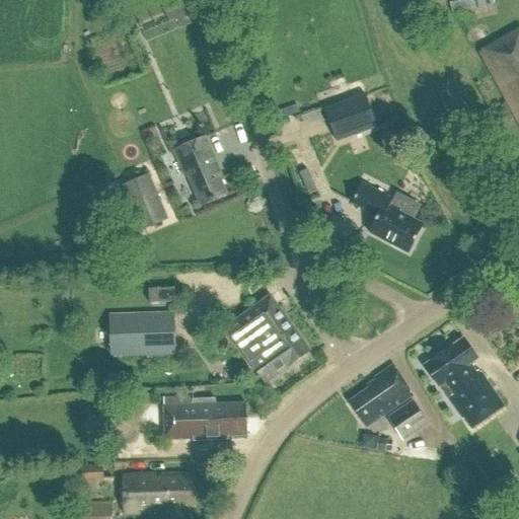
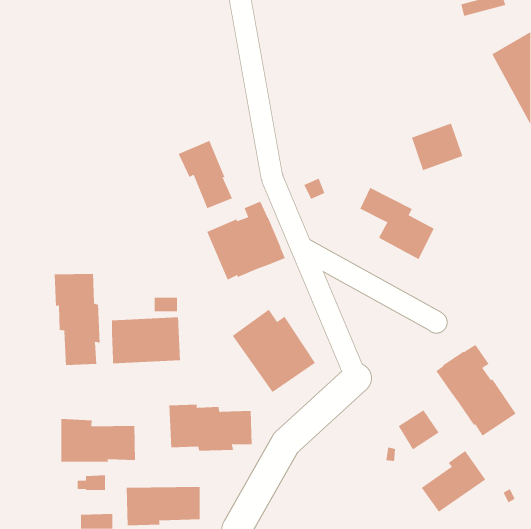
building: [325,93,376,140] -> [411,123,463,171]
building: [122,173,167,229] -> none
building: none -> [207,201,285,281]
building: none -> [54,273,100,366]
building: [348,363,412,424] -> [421,450,486,513]
building: none -> [61,418,135,463]

